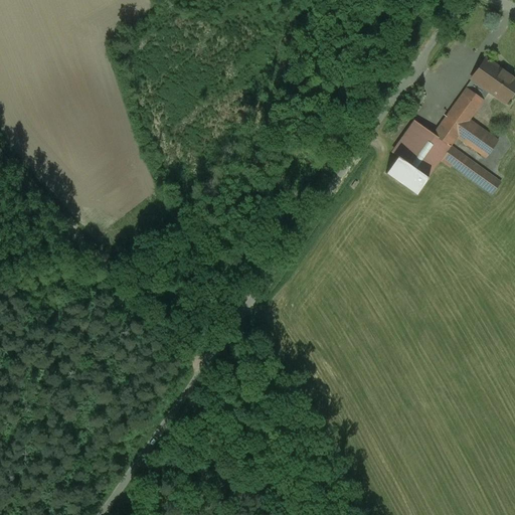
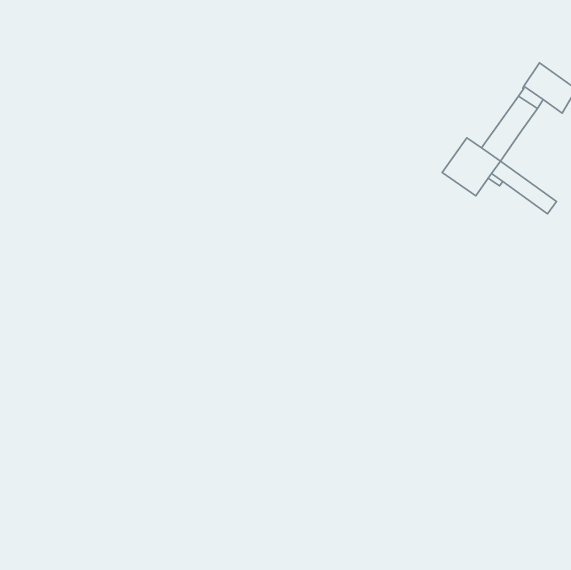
building: [458,119,498,156] -> none
building: [386,155,428,193] -> none

